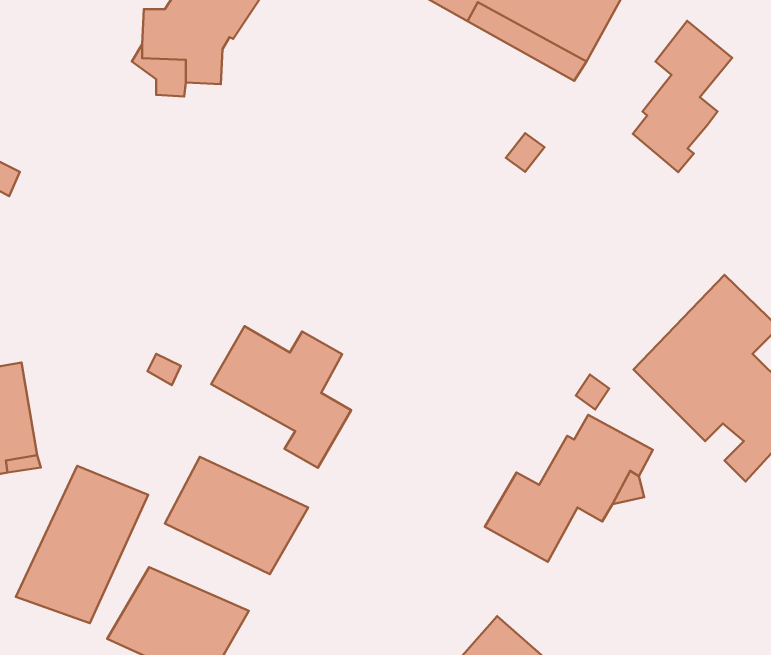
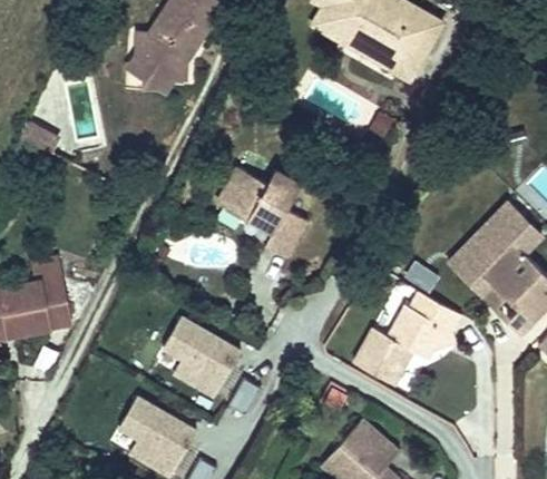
building: [633,21,732,172] -> none
building: [211,326,351,468] -> [217,167,306,257]
building: [16,466,148,623] -> none

